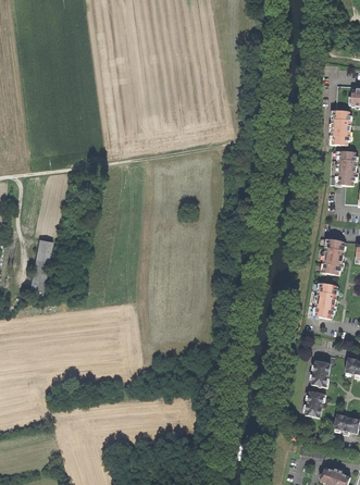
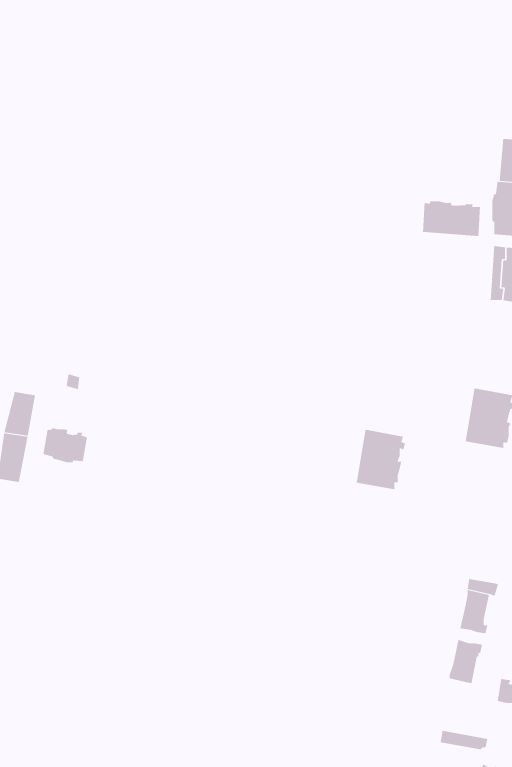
building: none -> [422,200,480,237]
building: none -> [43,427,87,463]
building: [308,282,338,319] -> [356,429,406,490]

